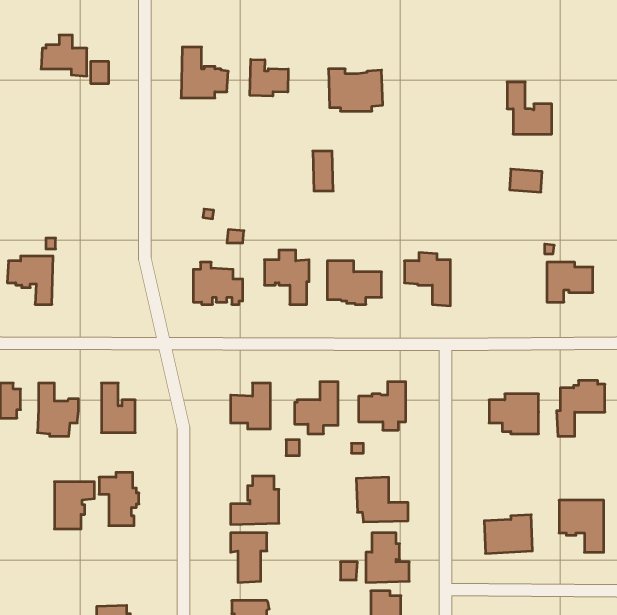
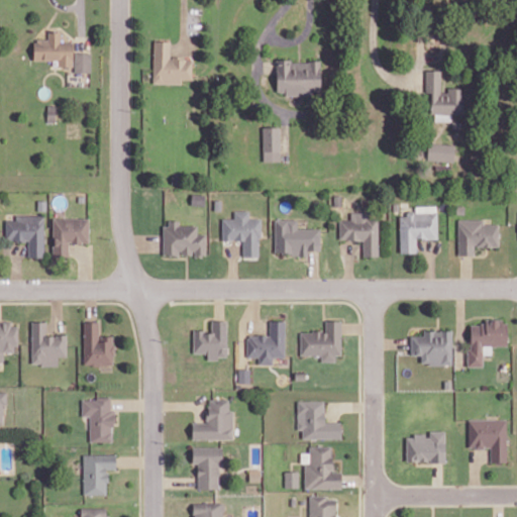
building: [250,59,288,96] -> none
building: none -> [398,212,436,252]
building: none -> [55,219,89,256]
building: [54,482,94,529] -> [84,454,117,494]

